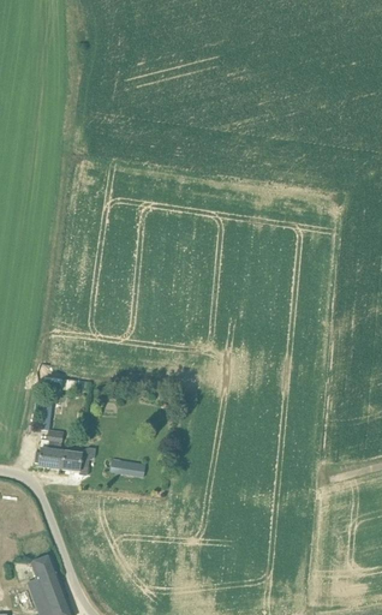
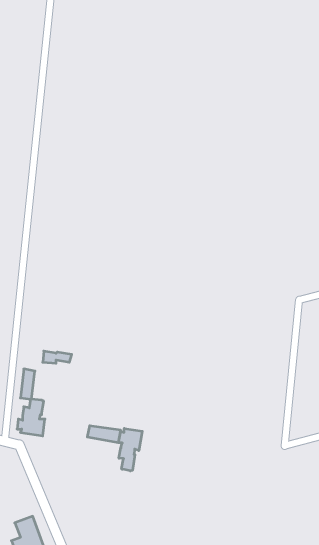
building: [60,447,94,474] -> none
building: none -> [118,428,142,471]

